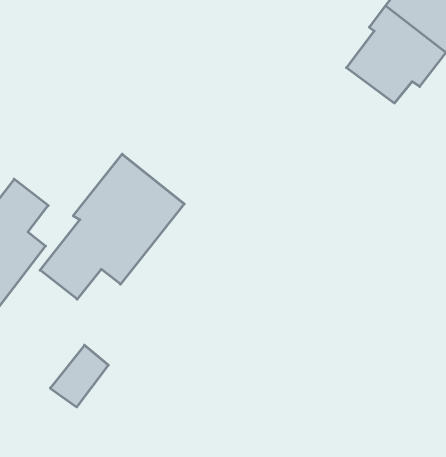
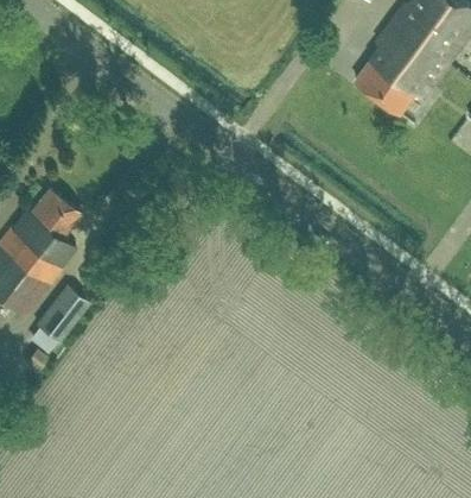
building: [40,154,184,299] -> none
building: [50,345,108,407] -> [36,286,90,345]

